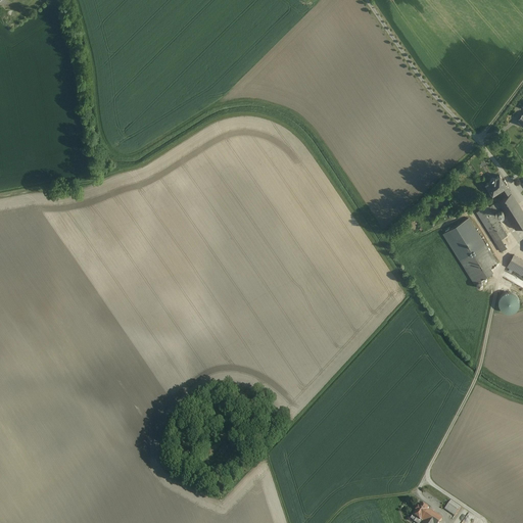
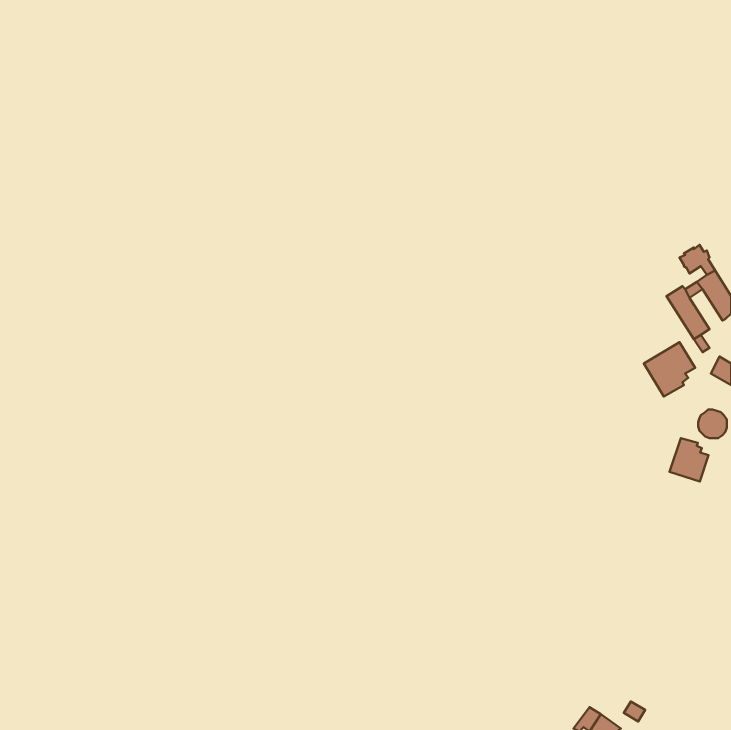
building: [443,219,485,260] -> none
building: none -> [670,438,709,482]

